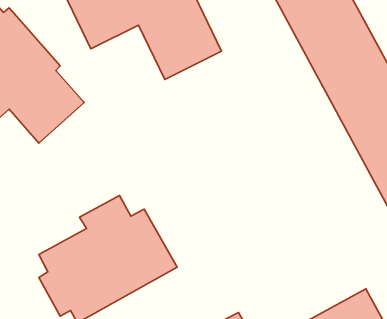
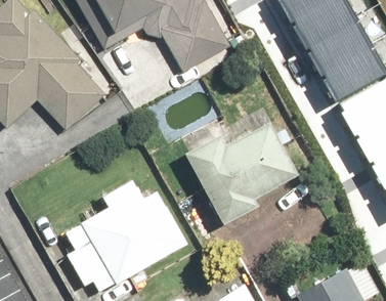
building: none -> [186,122,300,225]

